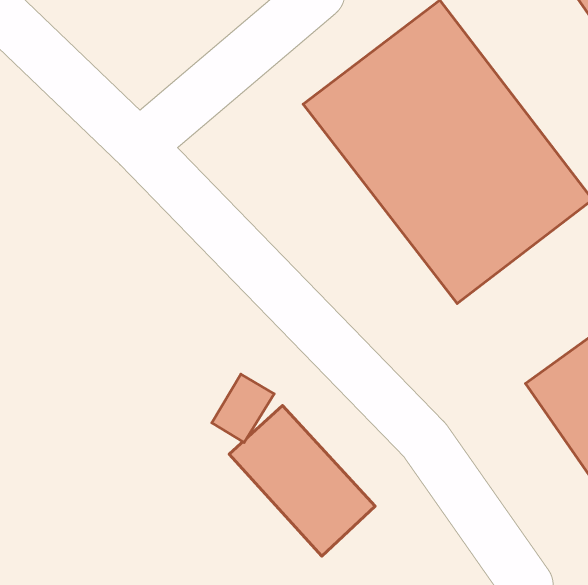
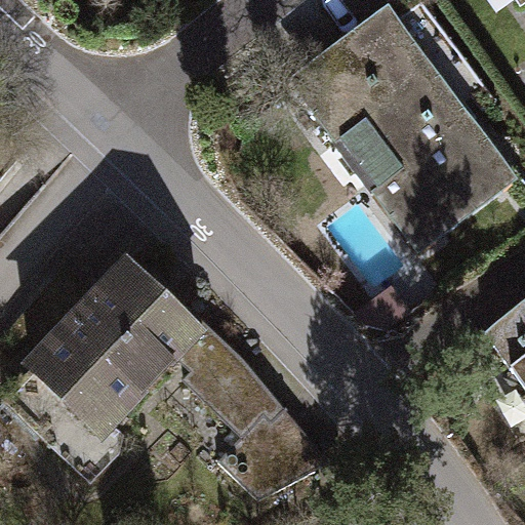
building: none -> [8,246,206,444]

